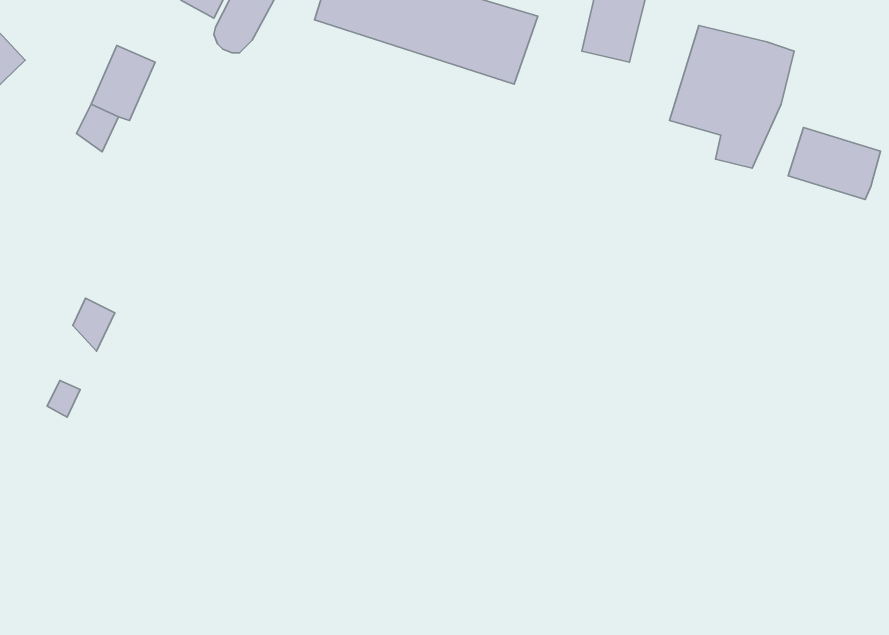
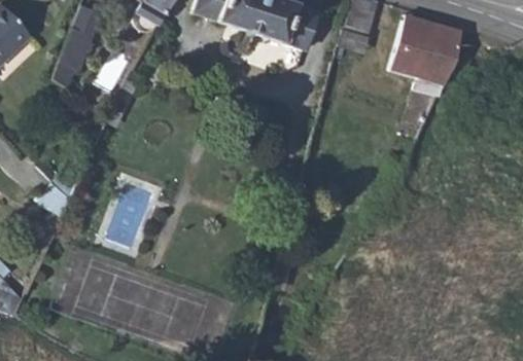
building: [788,127,881,200] -> none

